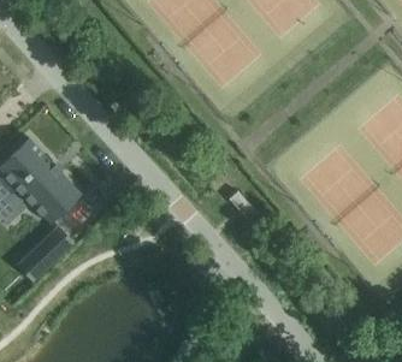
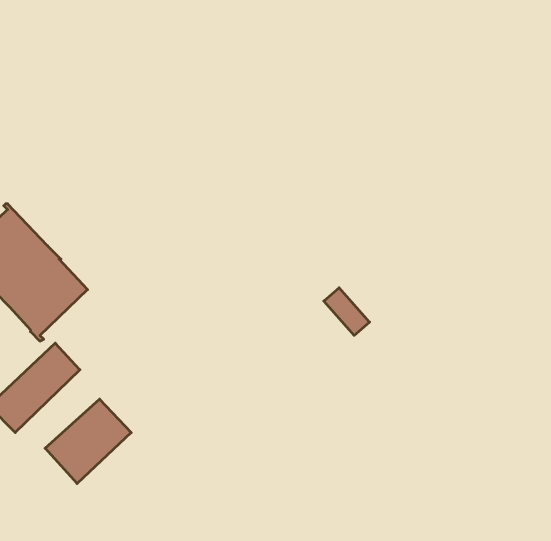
building: none -> [45,399,131,484]

